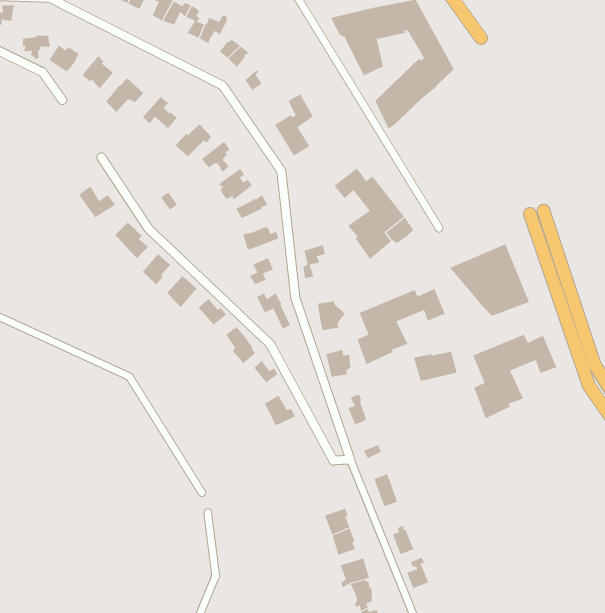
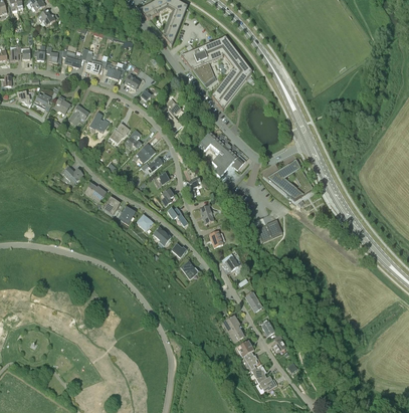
building: [357,288,446,365] -> none
building: [473,334,557,419] -> none

